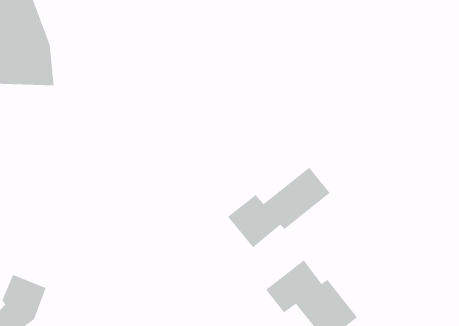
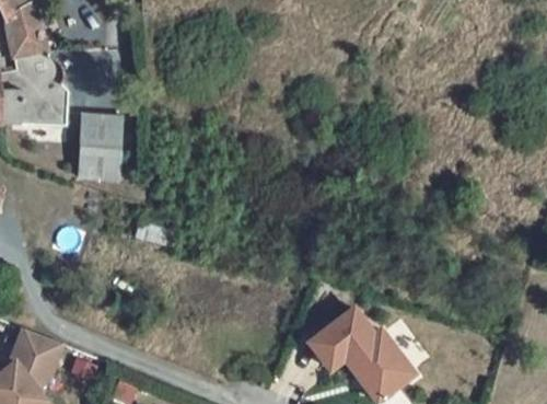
building: none -> [79,115,123,178]
building: [227,167,331,248] -> none

